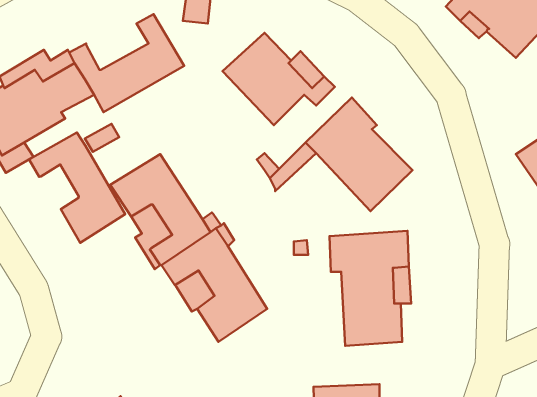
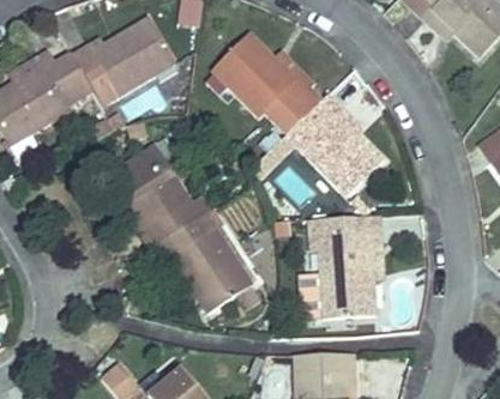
building: none -> [88,25,144,67]
building: [30,133,125,243] -> none

